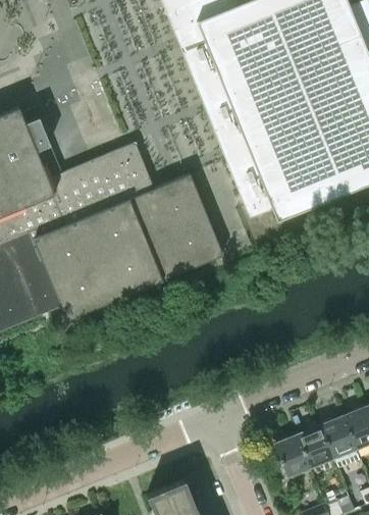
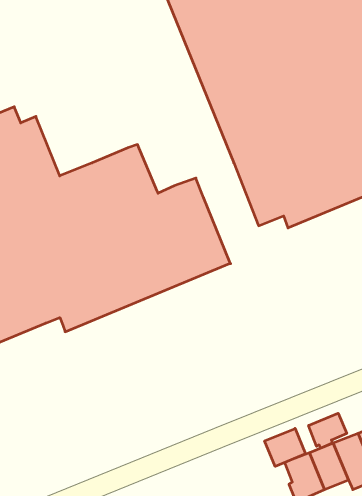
building: none -> [309,413,347,448]
building: none -> [265,428,306,466]

